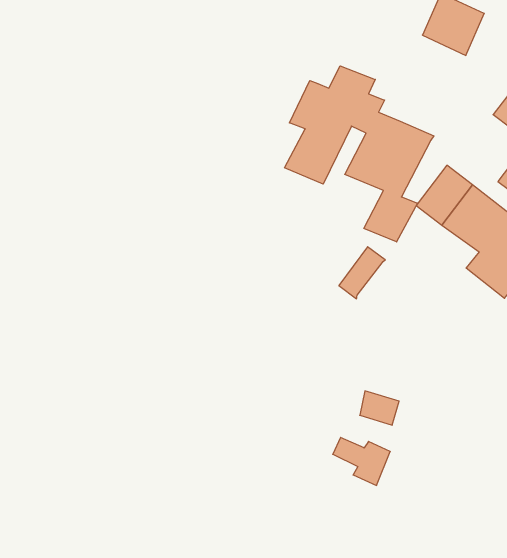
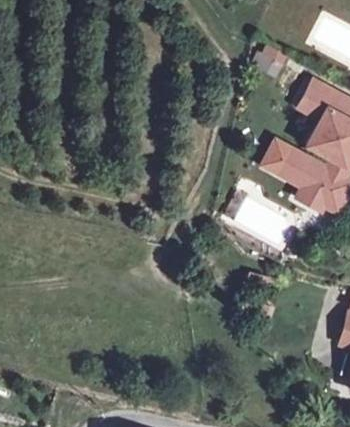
building: [285,66,434,242] -> none

